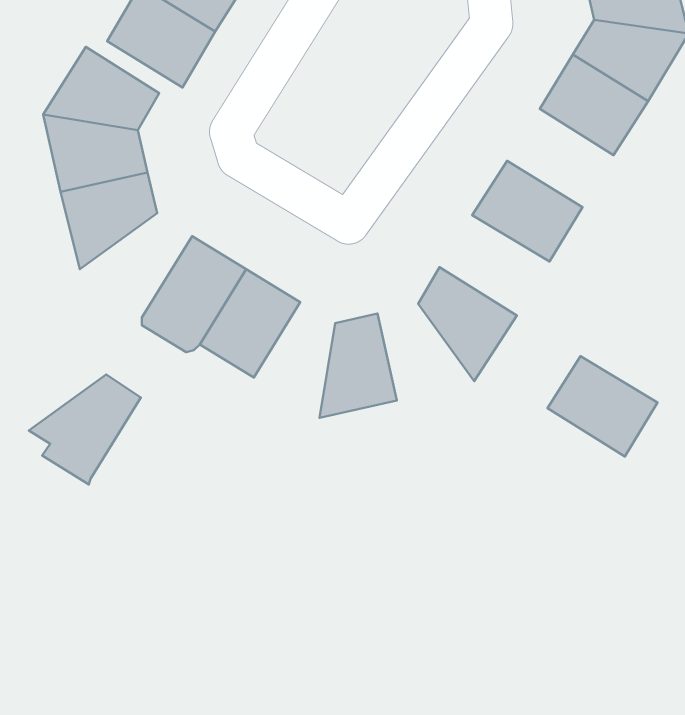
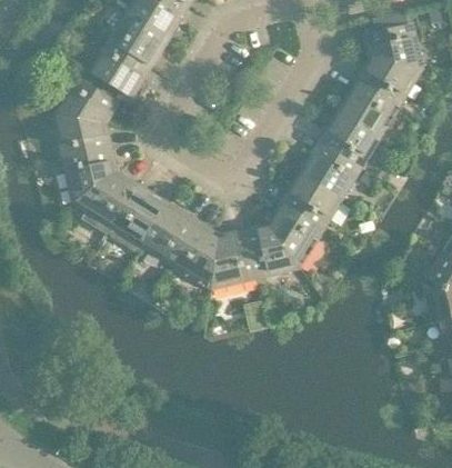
building: none -> [320,110,381,167]
building: none -> [174,221,221,288]
building: none -> [245,222,301,278]
building: [548,356,658,457] -> [281,171,344,229]
building: [29,374,141,485] -> [74,170,139,233]

